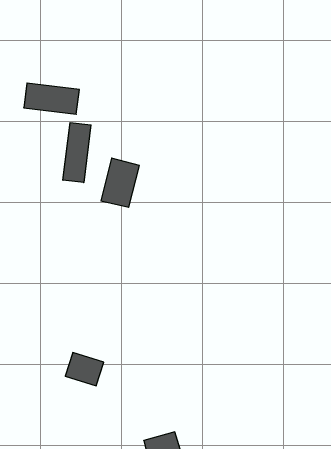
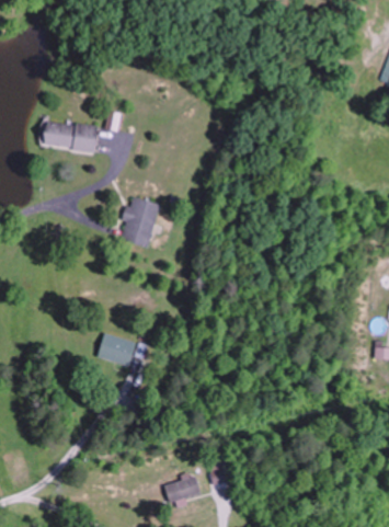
building: [63,123,91,183] -> none
building: [65,353,104,386] -> [96,332,136,366]

